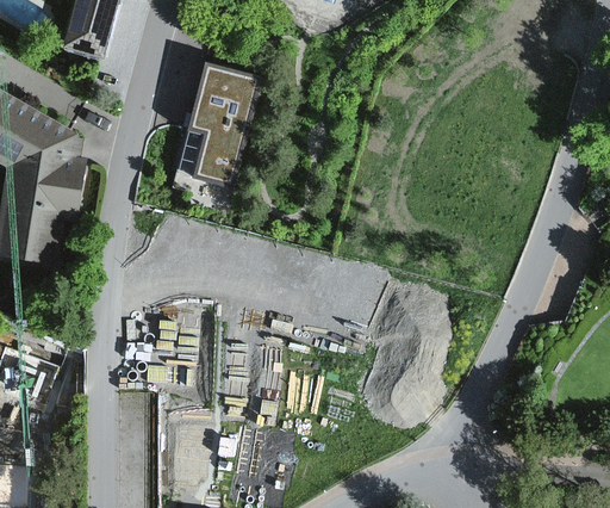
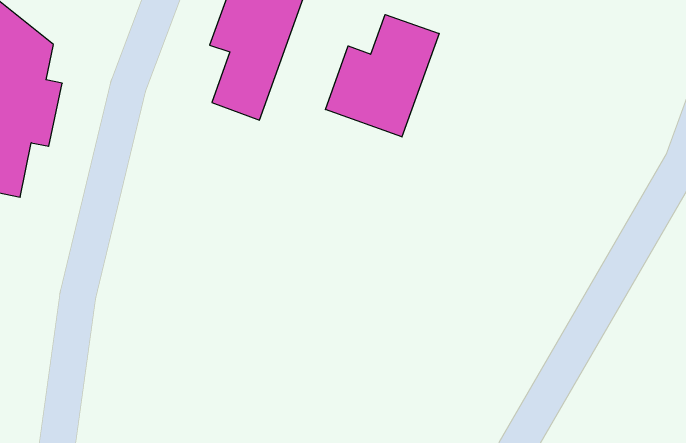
building: none -> [325,15,439,137]

